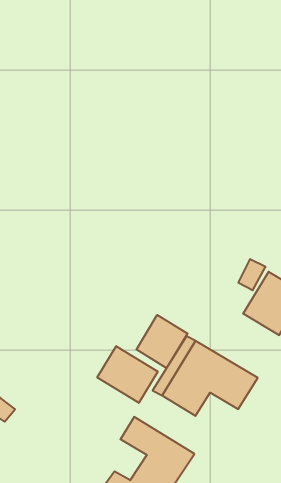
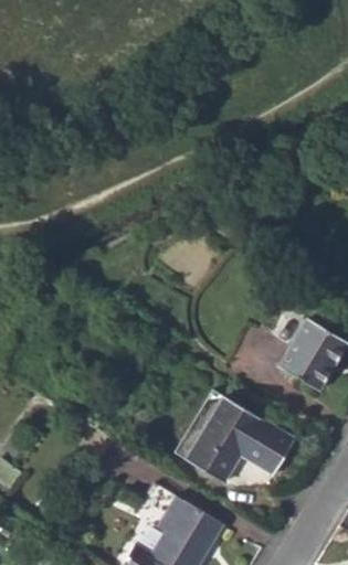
building: [136,315,188,368] -> none
building: [97,346,158,403] -> none

